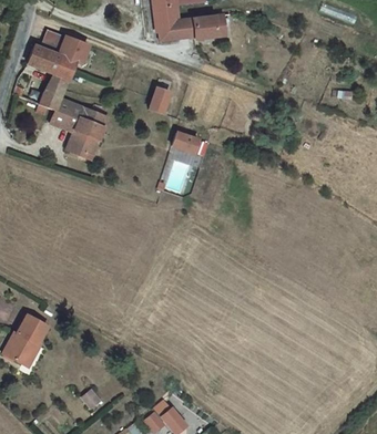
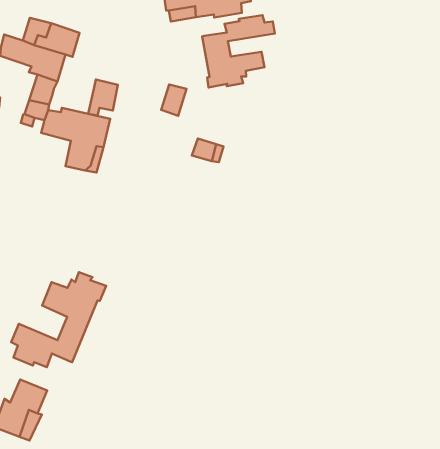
building: none -> [202,15,275,87]
building: none -> [88,80,118,115]
building: none -> [11,272,106,367]

